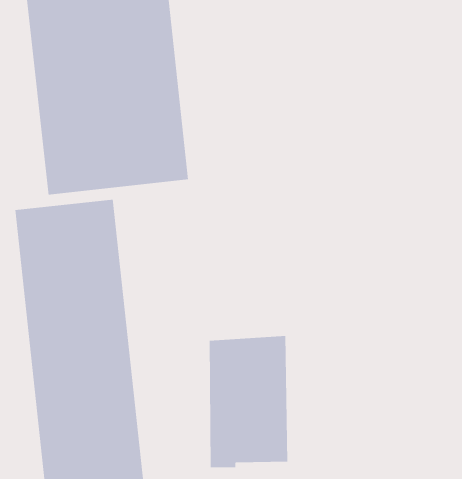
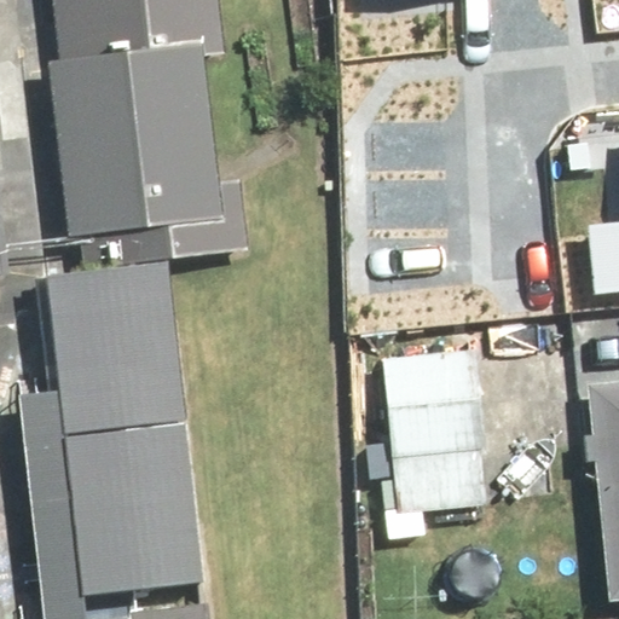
building: [209,336,288,468] -> [393,355,491,519]

